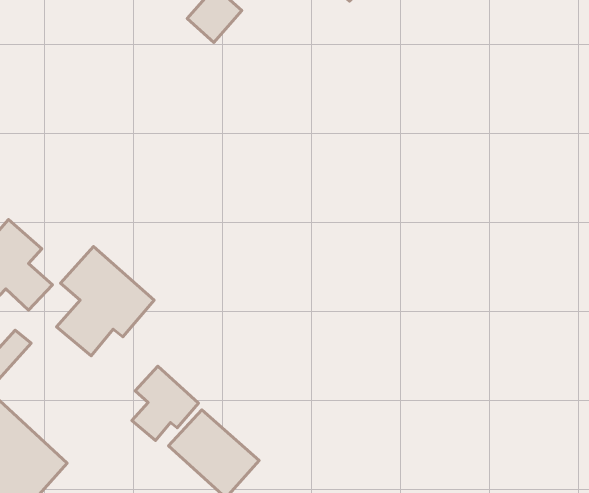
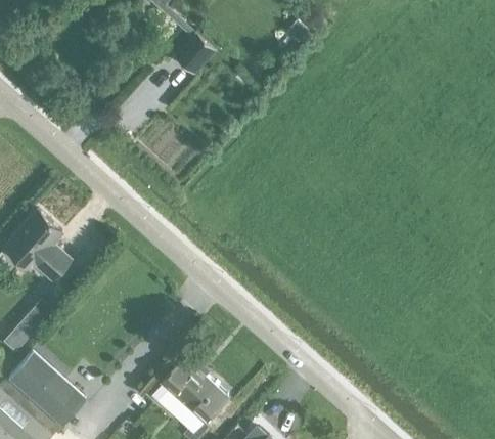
building: [56,246,154,356] -> none
building: [132,366,199,440] -> none

